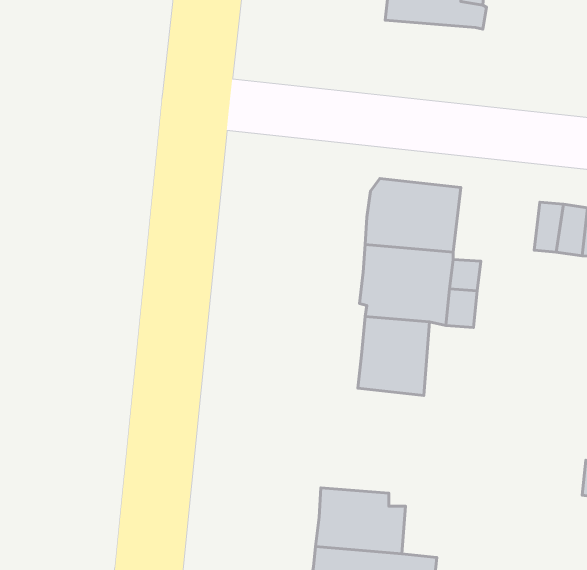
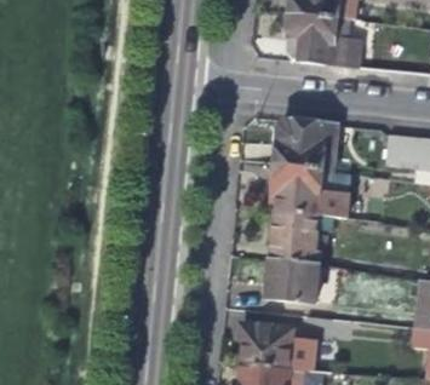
building: none -> [285,16,362,65]
building: none -> [266,258,319,303]

